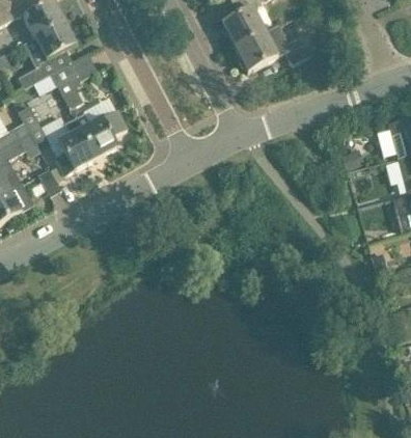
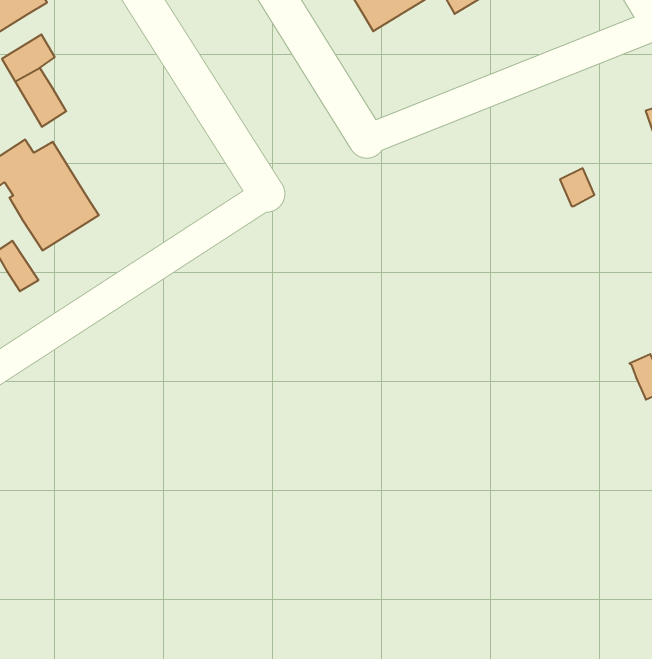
building: [74,106,128,156] -> none

